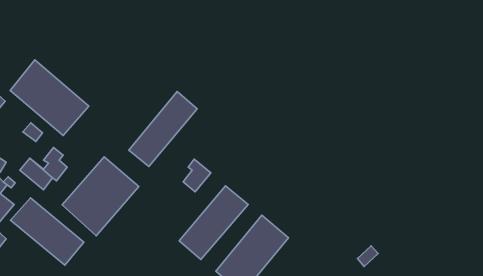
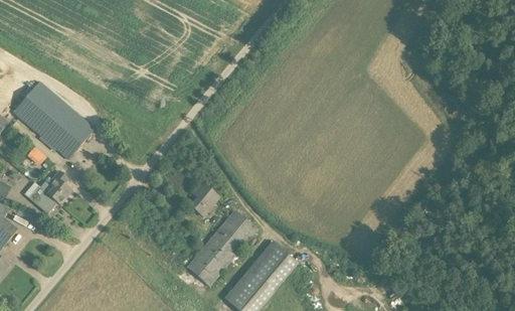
building: [129,92,197,167] -> none
building: [62,157,139,236] -> none
building: [11,198,84,265] -> none

